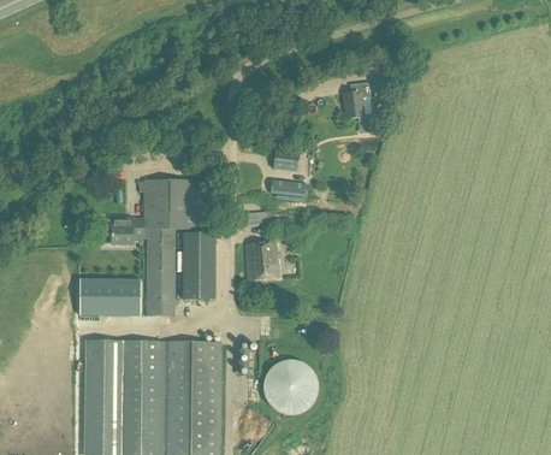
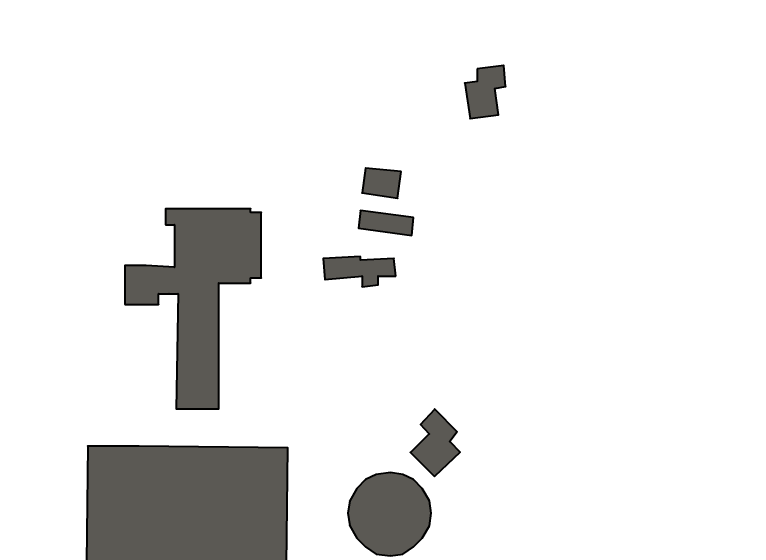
building: [183,232,209,299] -> none
building: [244,242,279,279] -> none
building: [79,277,140,314] -> none
building: none -> [410,409,460,476]

